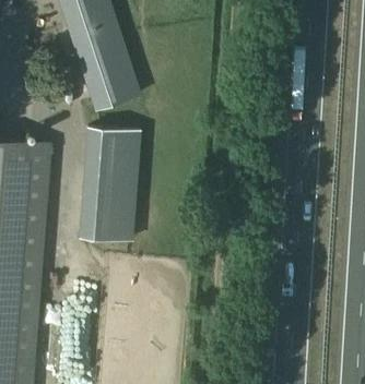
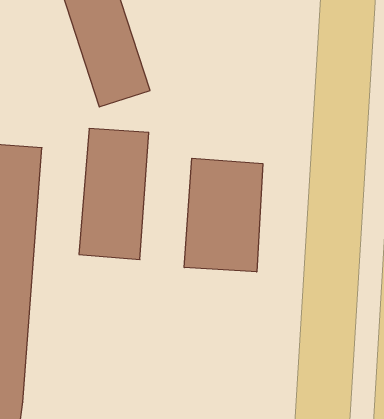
building: none -> [184,158,263,272]

